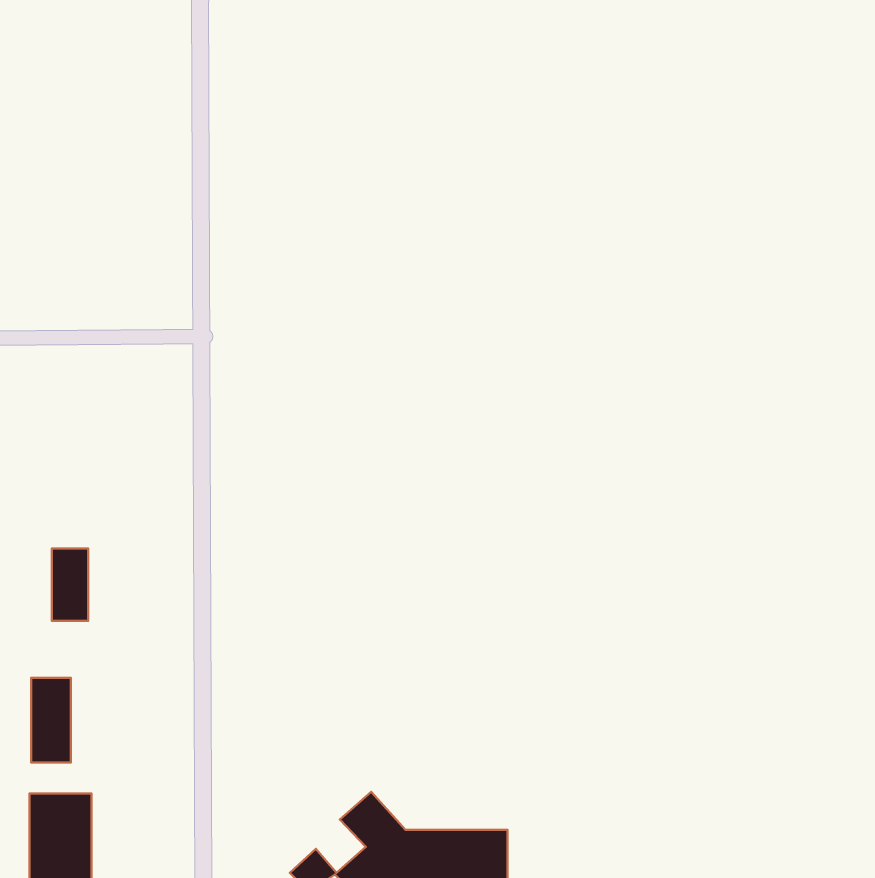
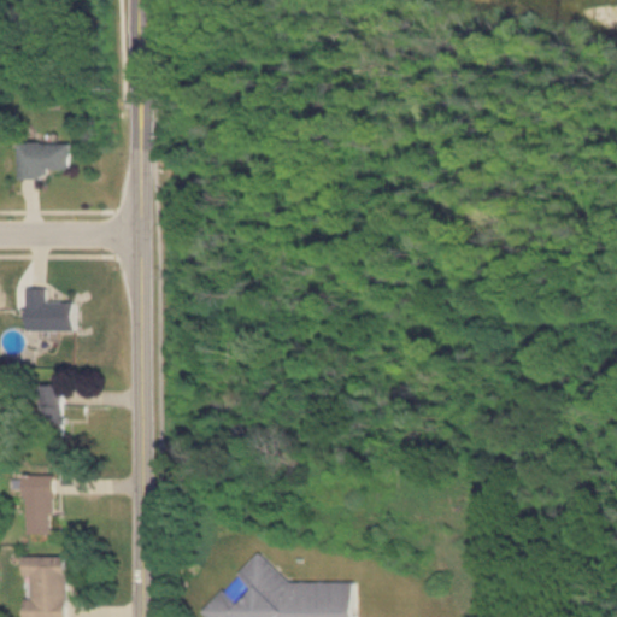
building: none -> [18,143,69,178]
building: none -> [25,290,71,331]

